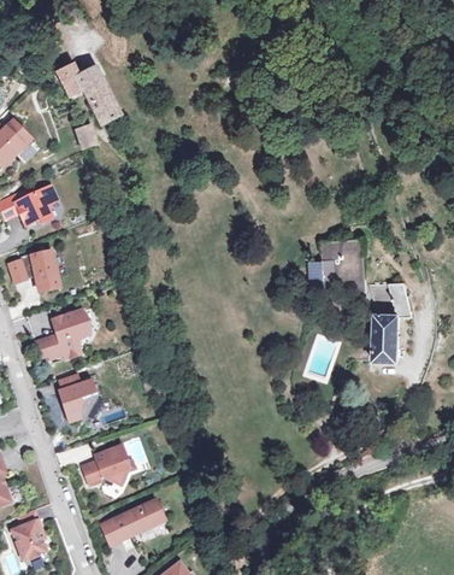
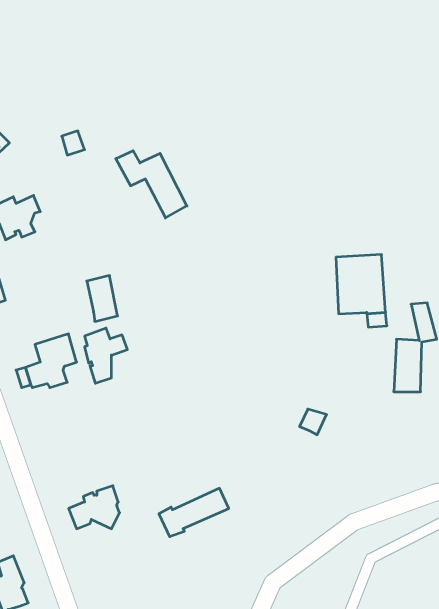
building: [58,66,122,127] -> [116,151,187,218]
building: [31,251,59,292] -> [87,276,118,321]
building: [58,374,96,423] -> [85,328,127,383]
building: [101,501,164,545] -> [159,488,229,537]

